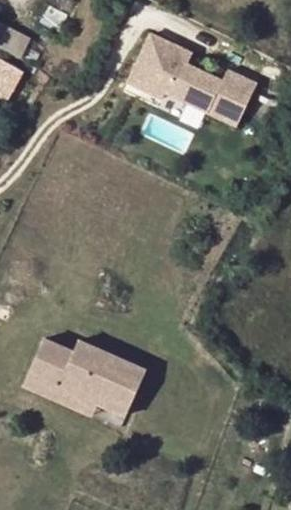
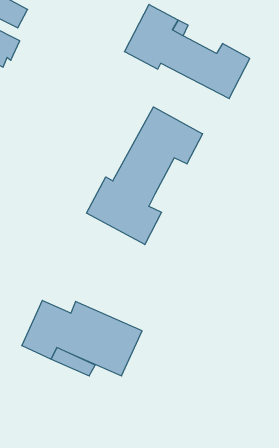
building: none -> [87,107,203,245]

